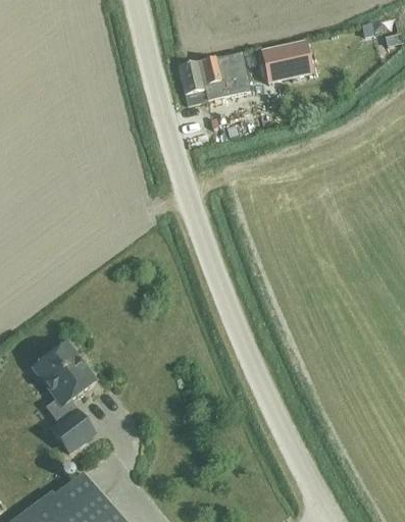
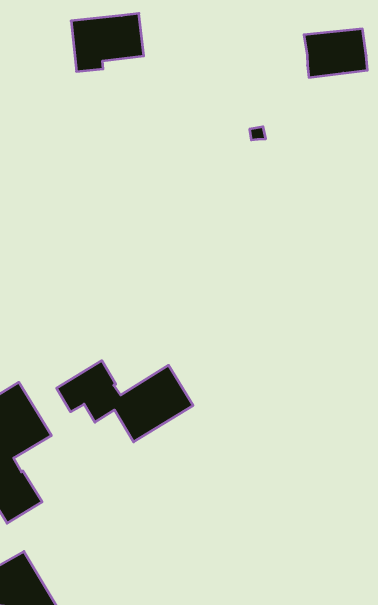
building: [180,53,239,103] -> [71,13,144,71]
building: none -> [57,361,193,442]

